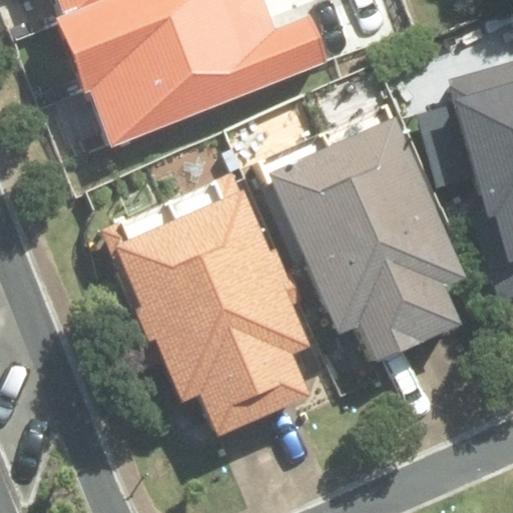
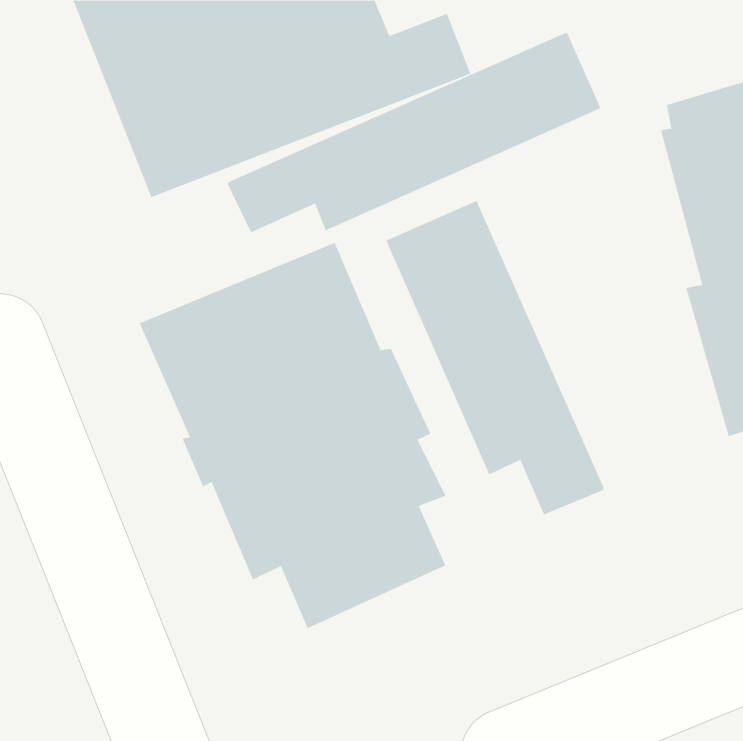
building: none -> [227,32,601,233]
building: [332,116,466,340] -> none

